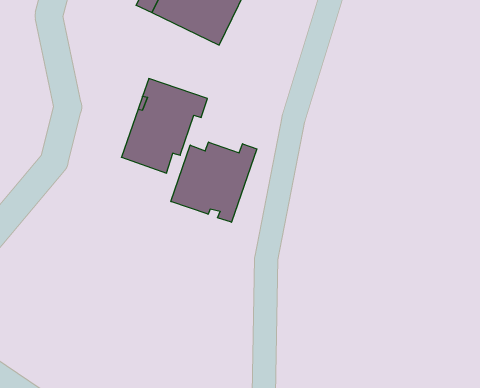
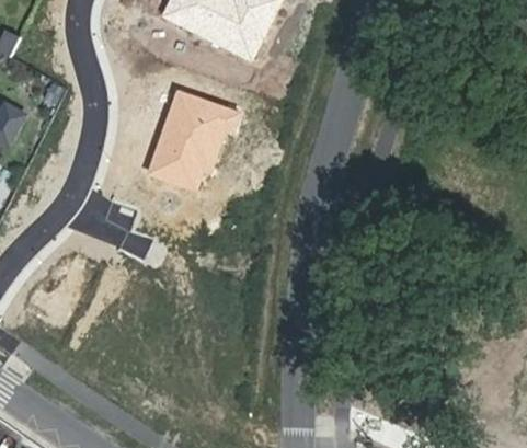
building: [171,142,257,222] -> none

